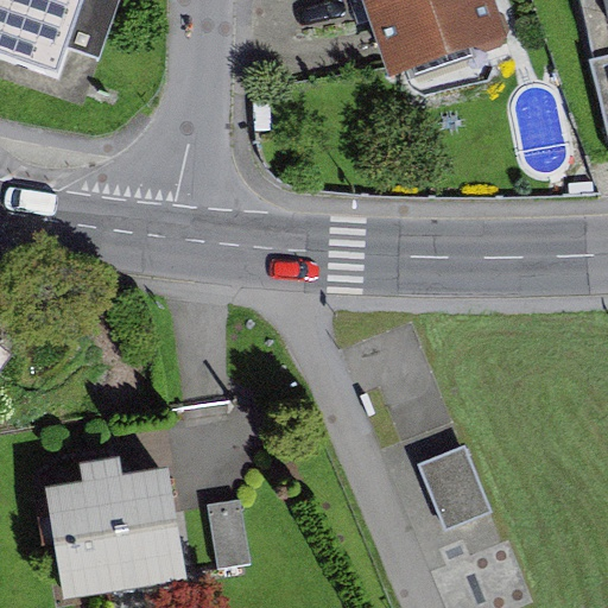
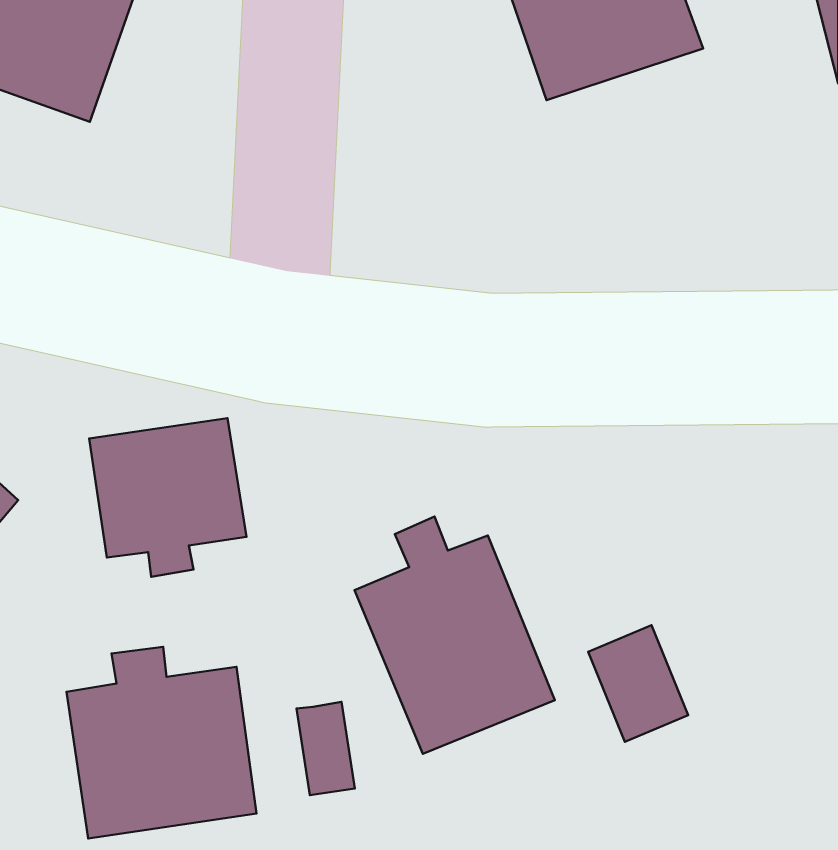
building: none -> [89,418,246,577]
building: none -> [354,517,555,754]

